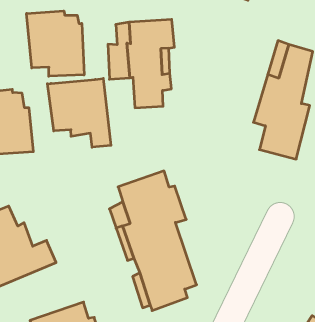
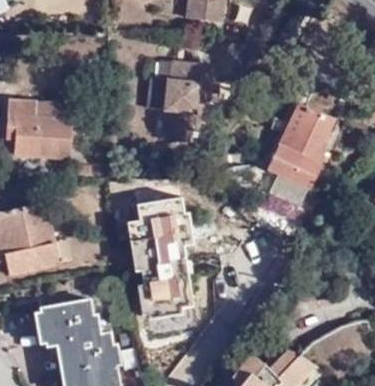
building: [27,11,84,76] -> none
building: [47,78,111,147] -> none

